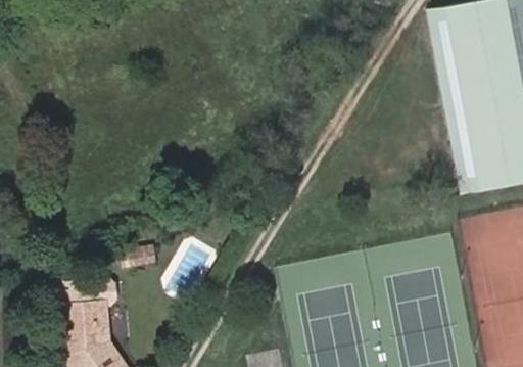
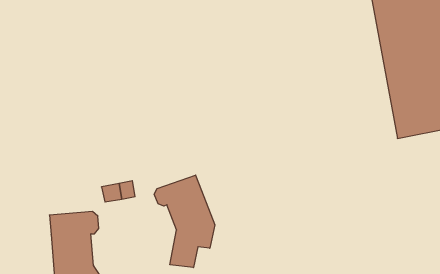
building: none -> [154,175,215,268]

